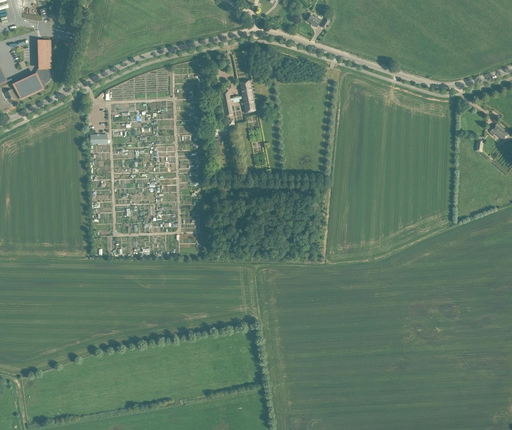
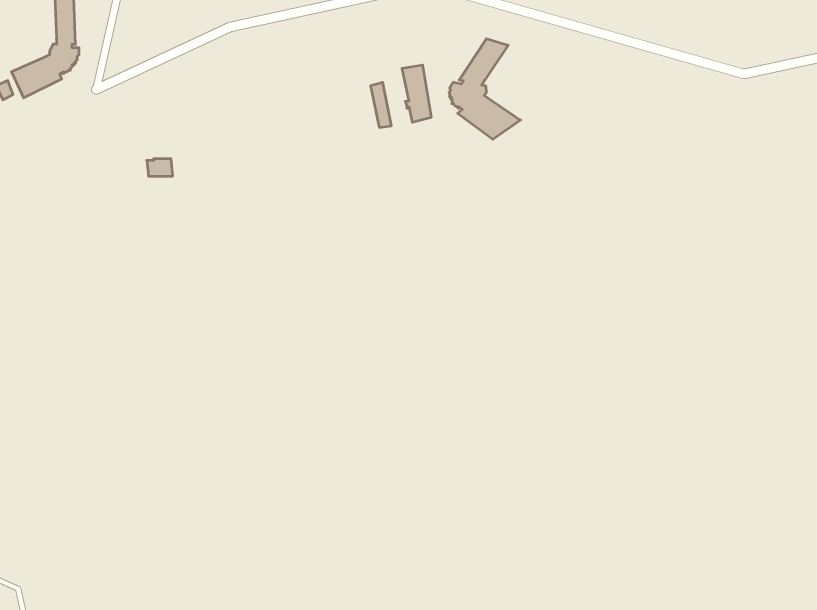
building: none -> [449,39,521,139]

